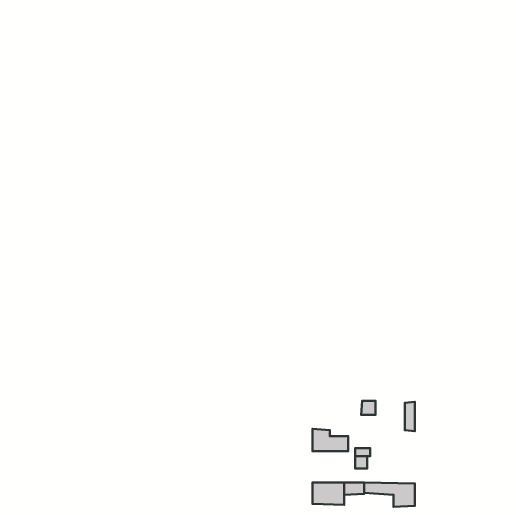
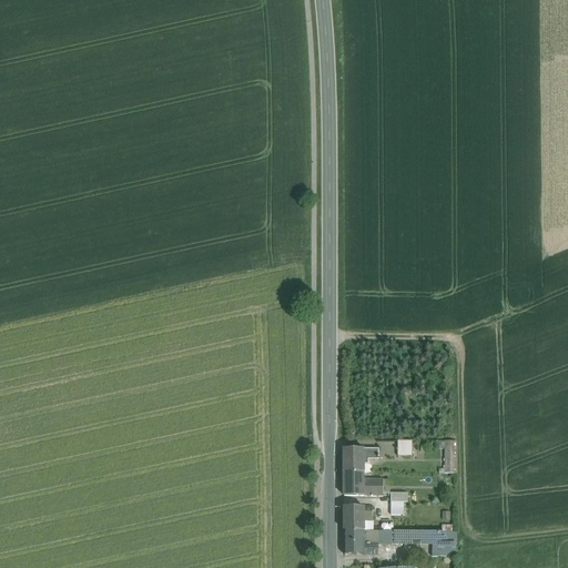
building: none -> [343,447,378,471]
building: none -> [343,506,372,529]

